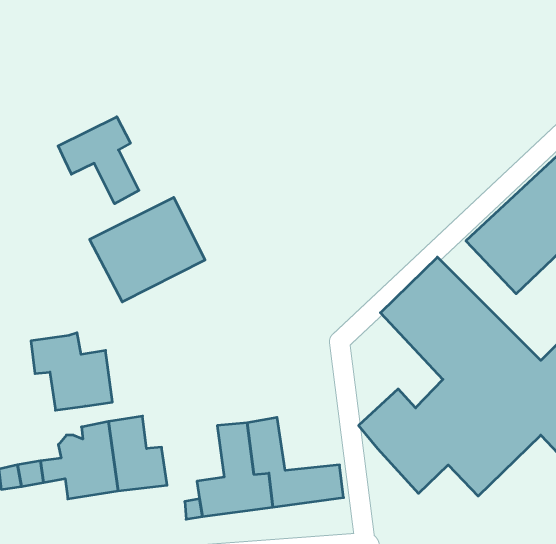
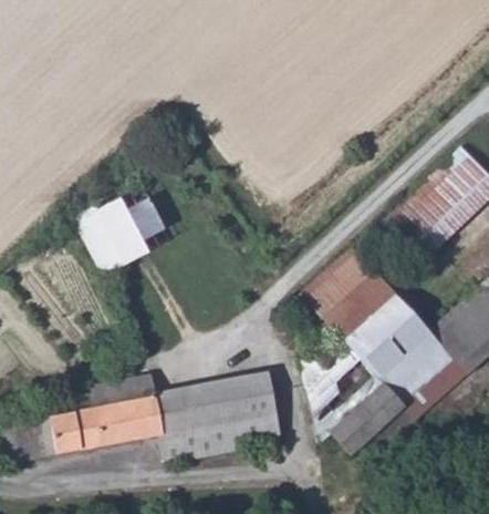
building: [58,117,139,204] -> none
building: [31,333,112,410] -> [121,371,187,434]
building: none -> [230,373,281,422]

